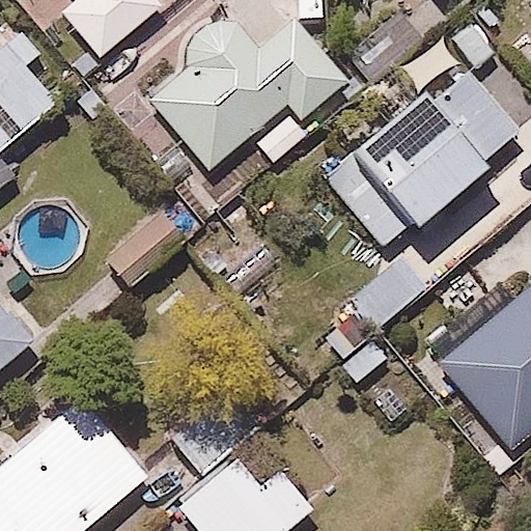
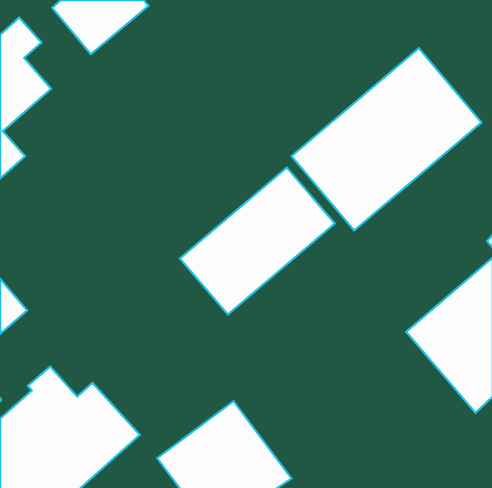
building: [146,15,352,171] -> none
building: none -> [180,168,335,314]

